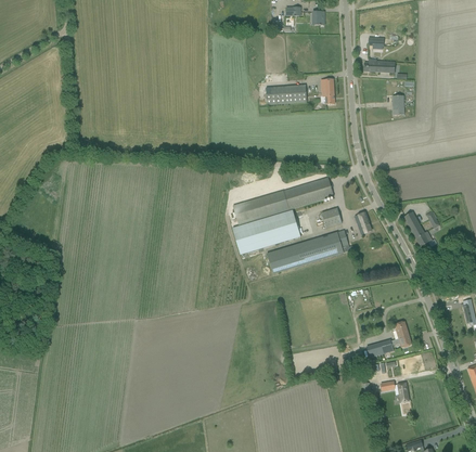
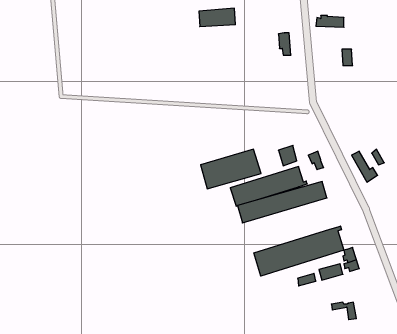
building: [266,83,307,104] -> [199,8,235,27]
building: [233,177,334,223] -> [238,182,327,223]
building: none -> [254,226,344,276]

